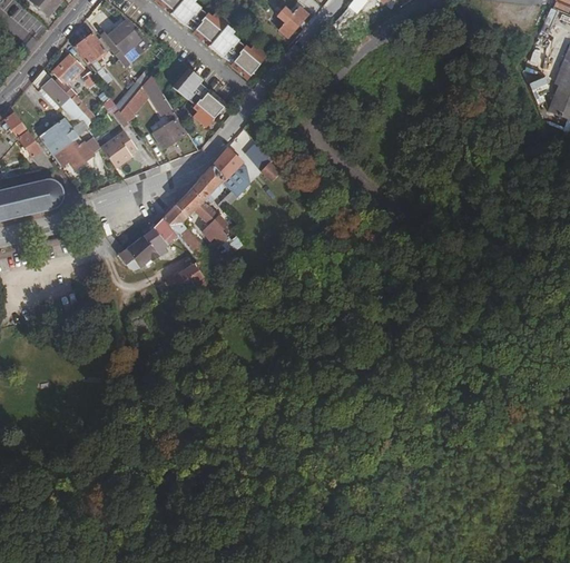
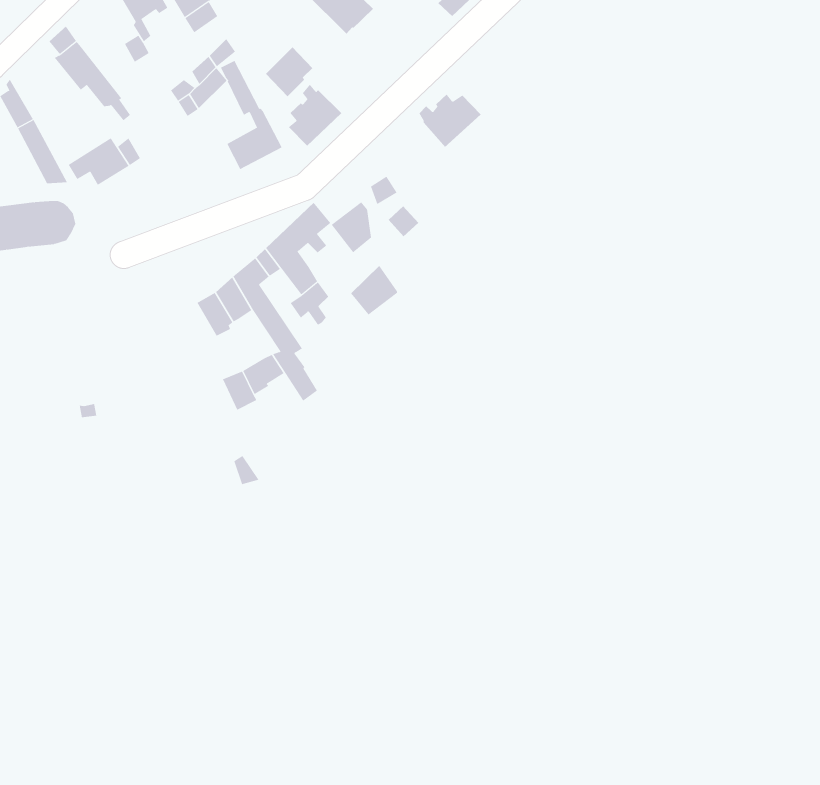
building: [227,45,267,79] -> [418,93,482,148]
building: [55,56,96,120] -> none
building: [39,118,79,157] -> none
building: [101,129,137,166] -> none
building: [212,145,242,178] -> [350,265,398,316]
building: [119,236,158,266] -> none

